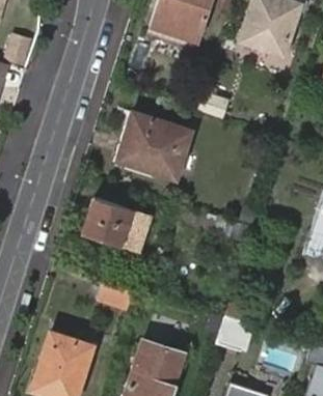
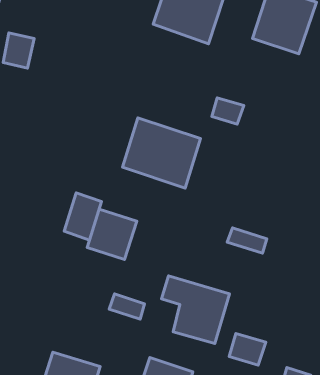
building: [119,209,155,254] -> [64,193,102,240]
building: none -> [161,276,230,344]

